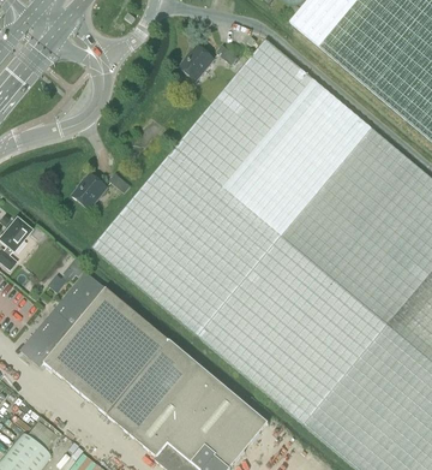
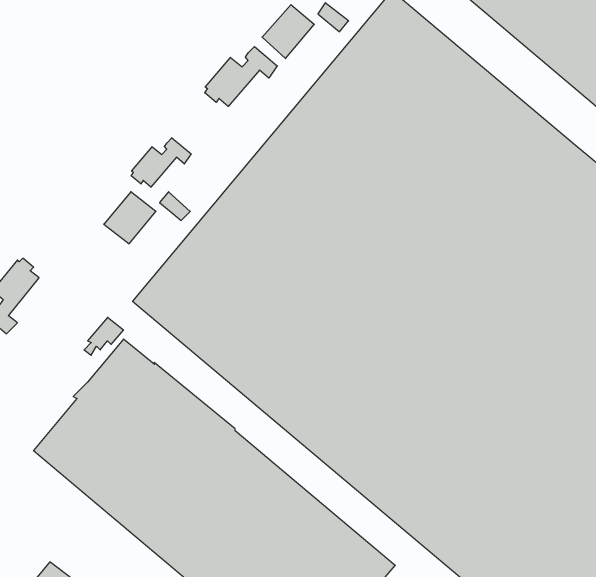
building: none -> [205,47,277,106]
building: none -> [131,138,191,187]

